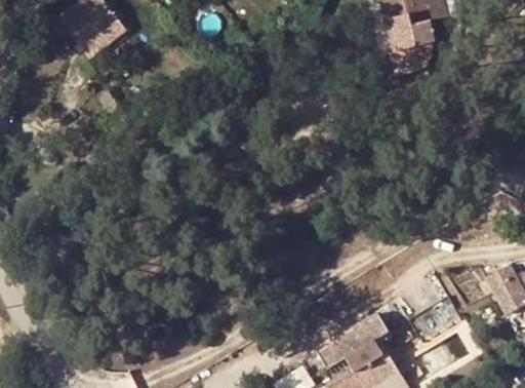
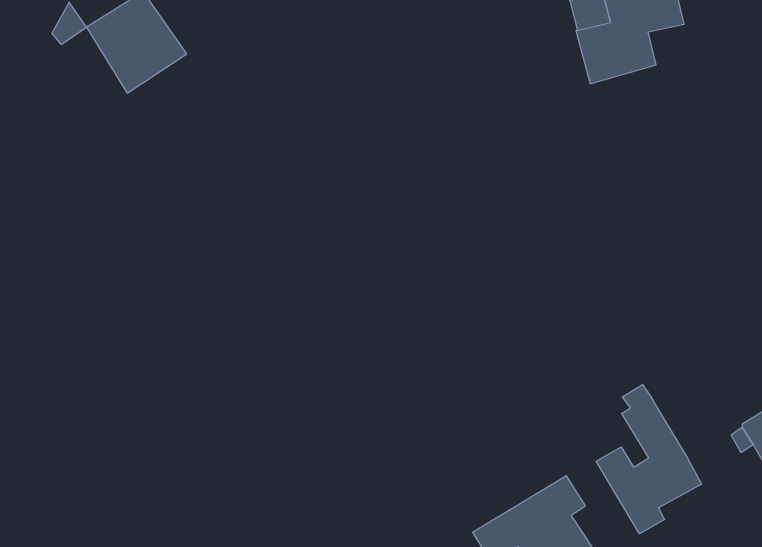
building: none -> [596,384,701,534]

